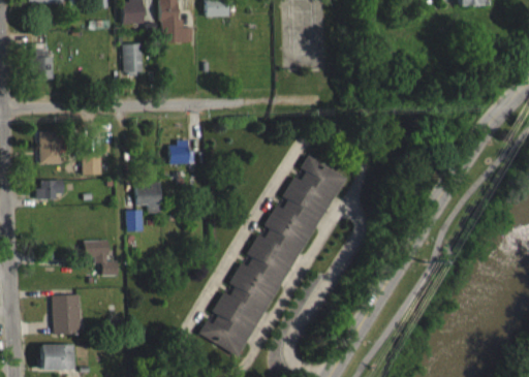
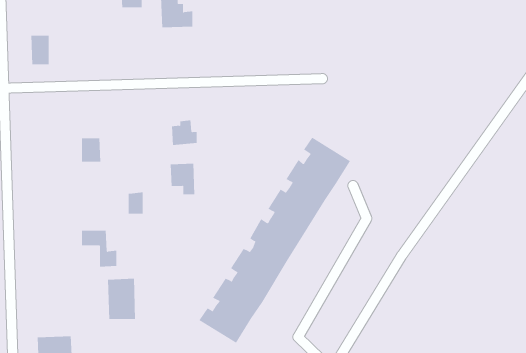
building: [124,44,144,73] -> none
building: [40,133,61,165] -> none
building: [37,176,65,194] -> none
building: [138,177,163,208] -> [170,163,195,195]
building: [53,295,81,336] -> [107,278,136,320]

